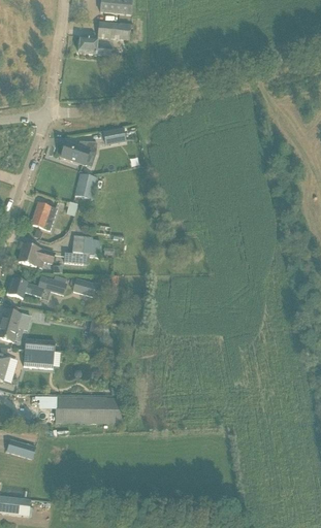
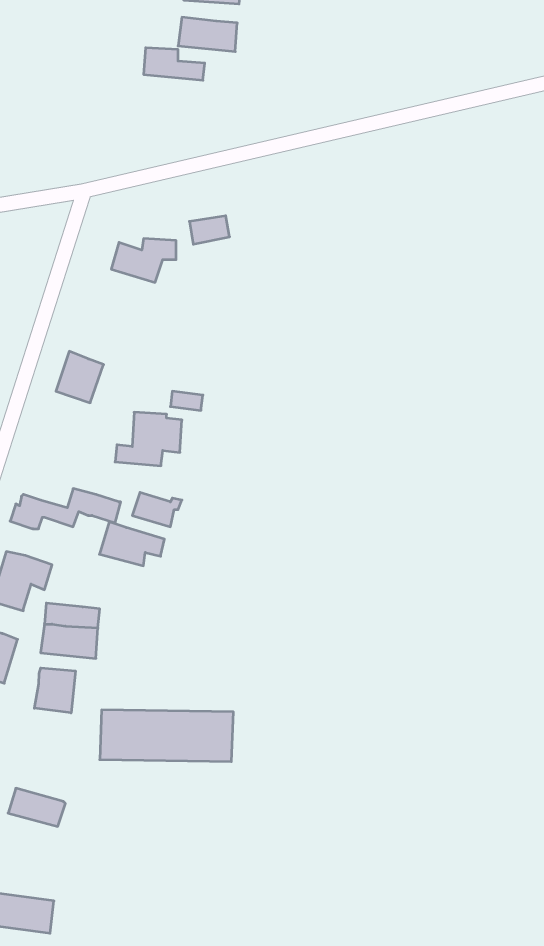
building: [74,172,97,198] -> none
building: [19,243,54,267] -> [99,522,164,566]
building: none -> [34,668,75,713]

